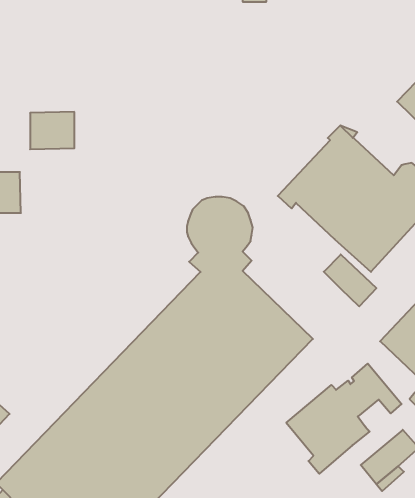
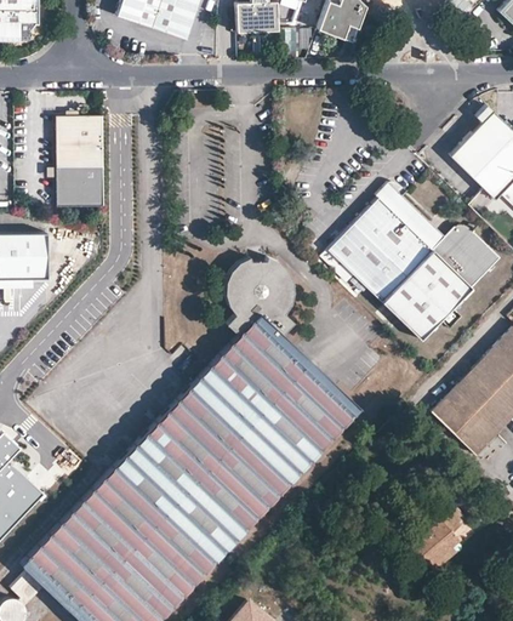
building: none -> [58,116,106,169]
building: [324,254,376,306] -> none
building: [286,364,402,474] -> none

